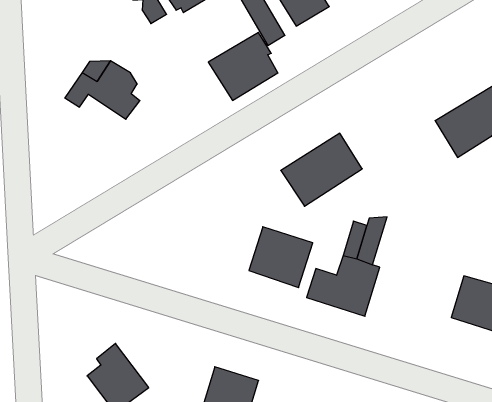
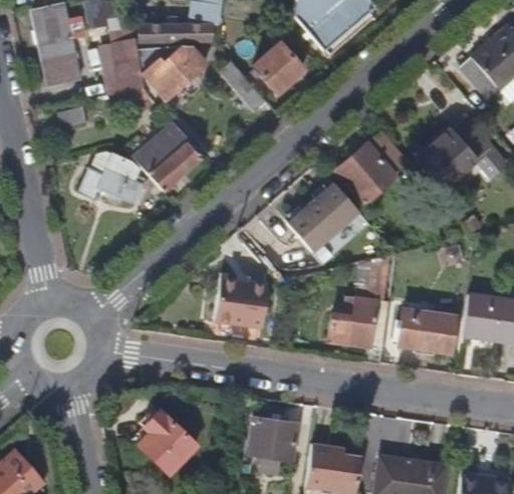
building: [208,32,278,100] -> [135,124,200,190]
building: none -> [335,130,410,204]
building: [249,227,313,288] -> [213,275,267,325]
building: none -> [398,307,456,351]

